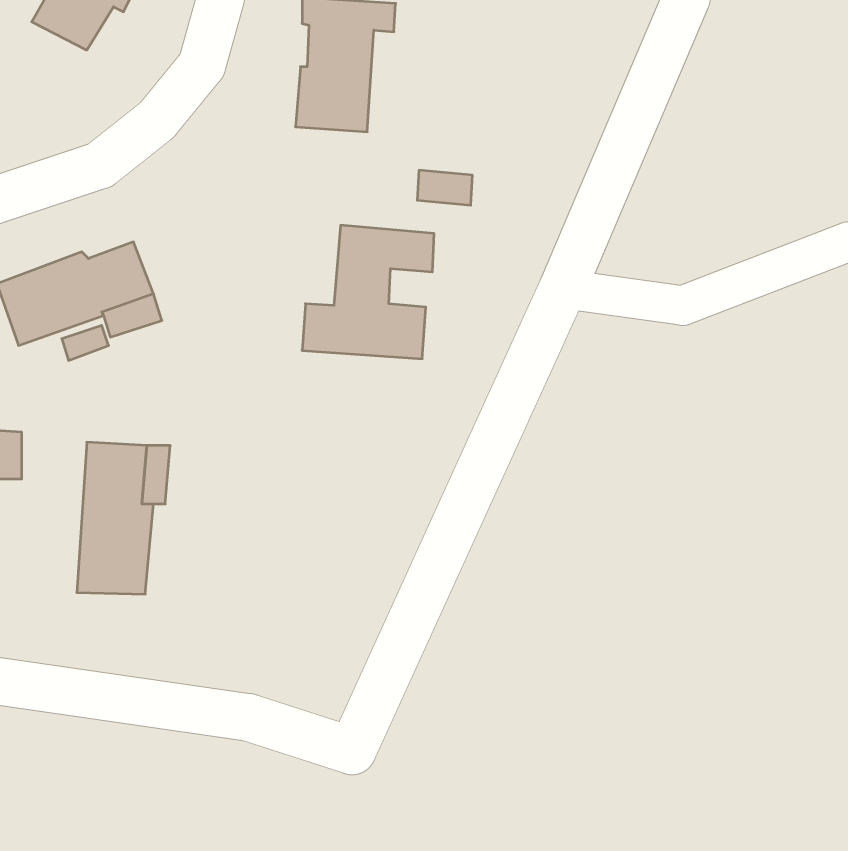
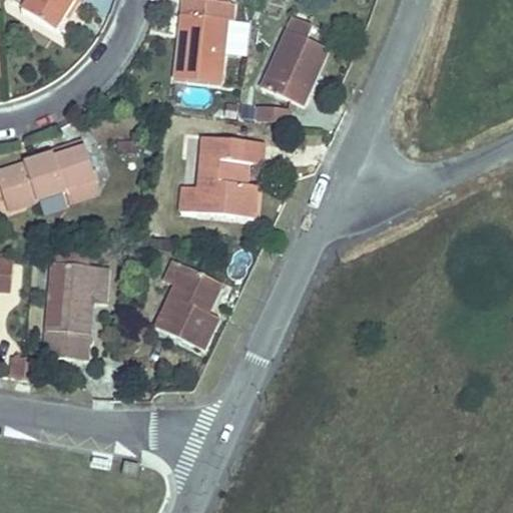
building: none -> [262,13,328,103]
building: none -> [157,269,215,345]

